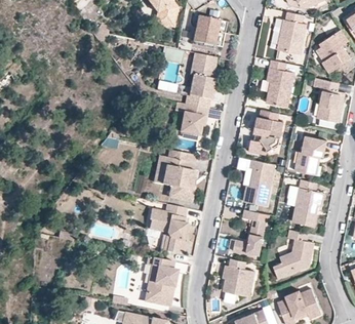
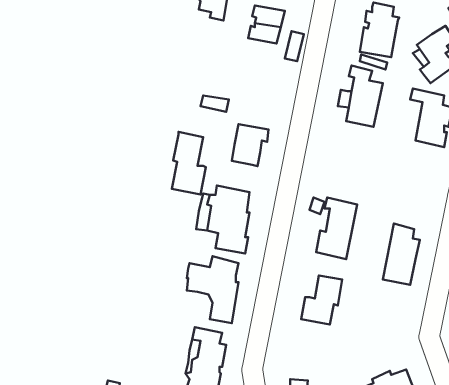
building: [189,52,214,99] -> [172,132,206,194]
building: [247,111,282,156] -> none
building: [294,135,326,174] -> none
building: [274,230,314,278] -> none
building: [223,259,252,296] -> none

